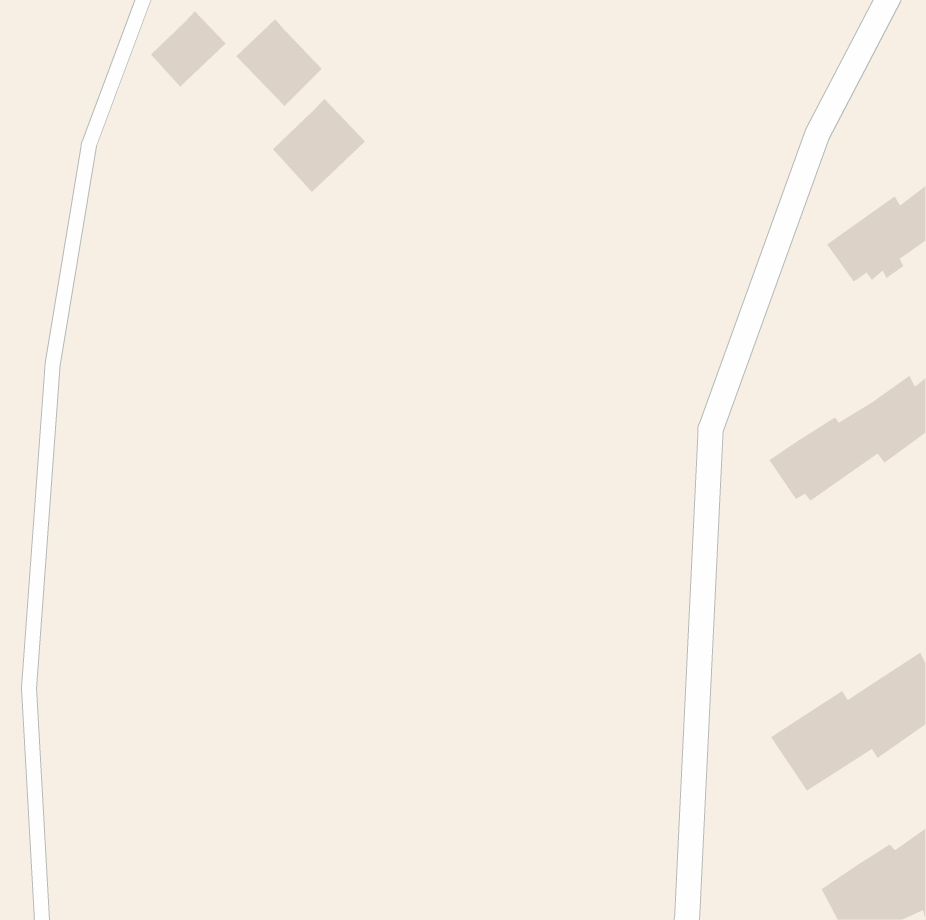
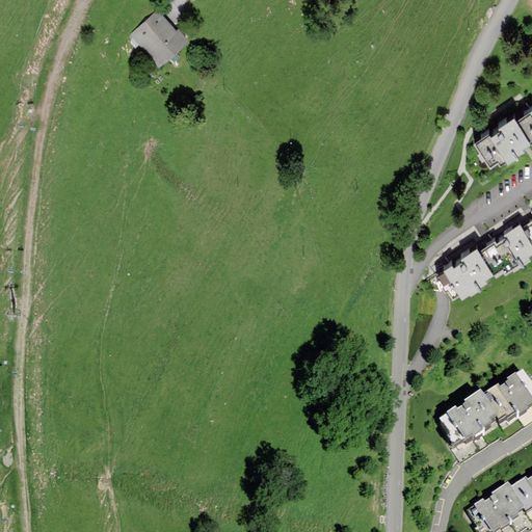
building: [150,11,226,87] -> none
building: [272,98,366,193] -> none

